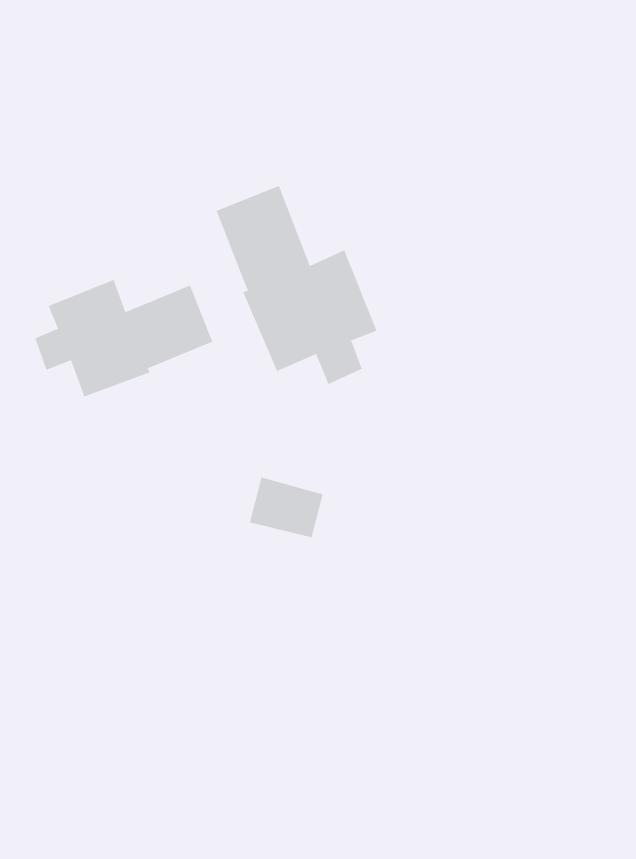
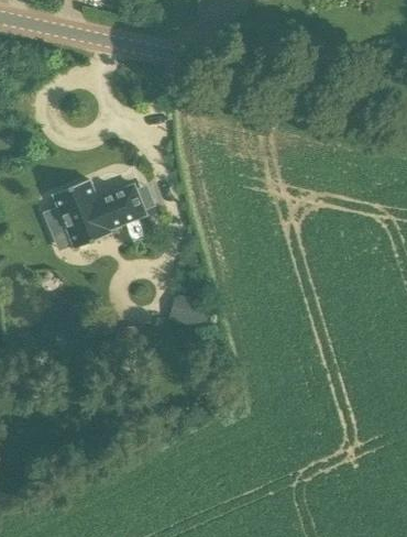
building: [216,185,377,385] -> none

